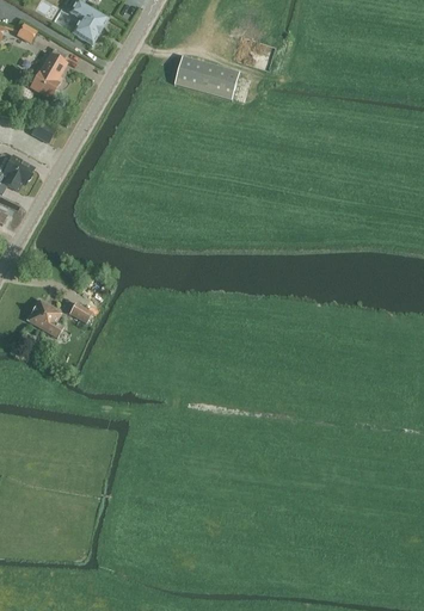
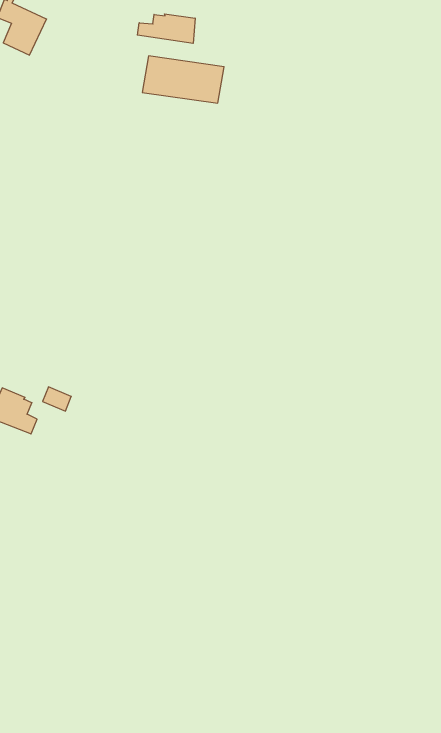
building: none -> [137,14,195,43]

